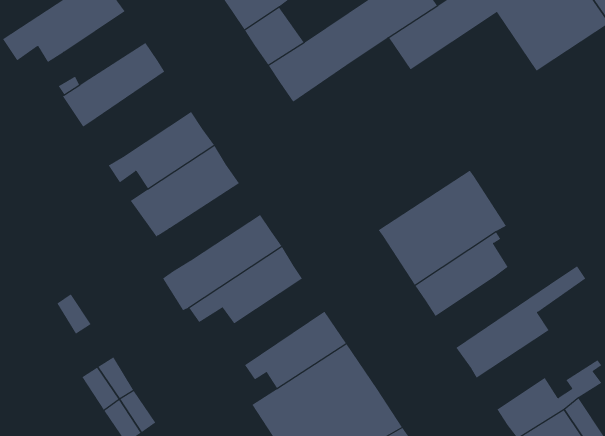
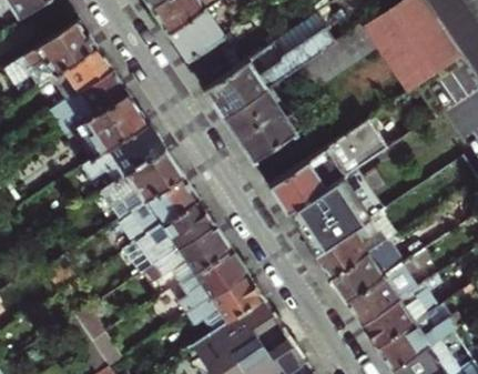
building: none -> [51,48,113,101]
building: none -> [224,89,303,162]
building: none -> [75,93,148,158]
building: none -> [271,120,387,213]
building: none -> [122,178,200,244]
building: none -> [332,240,426,302]
building: none -> [180,250,248,315]
building: none -> [363,279,438,348]

